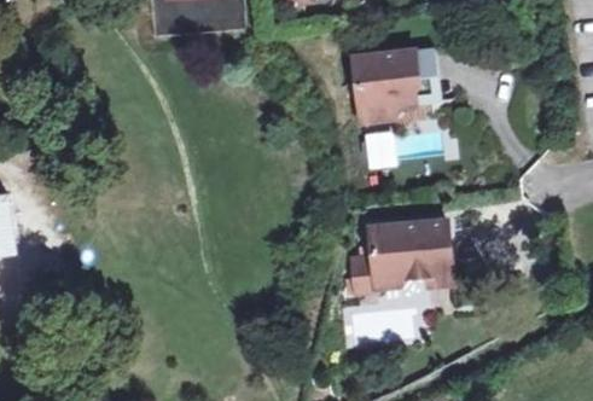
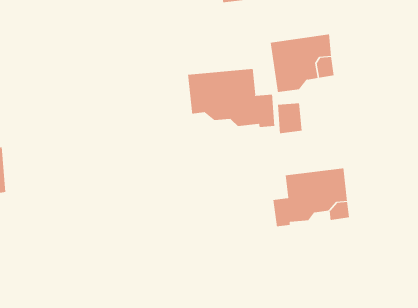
building: none -> [188,68,275,128]

